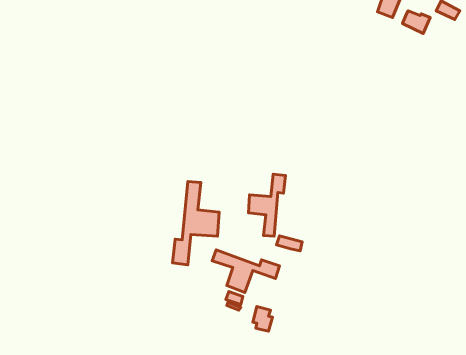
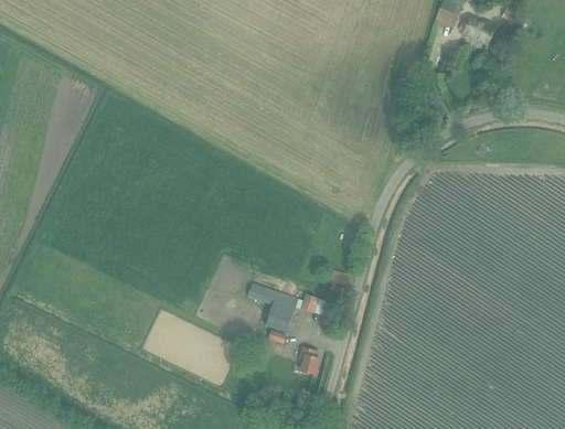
building: [248,174,285,236] -> none
building: [172,182,219,265] -> none

